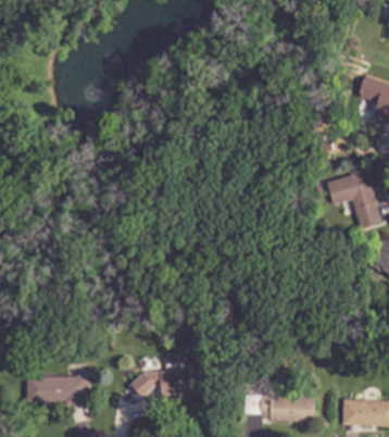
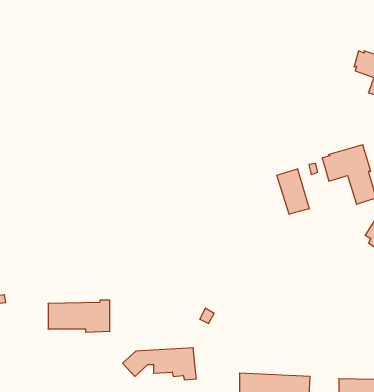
building: none -> [277,169,309,214]
building: [26,374,87,405] -> [48,300,110,332]

